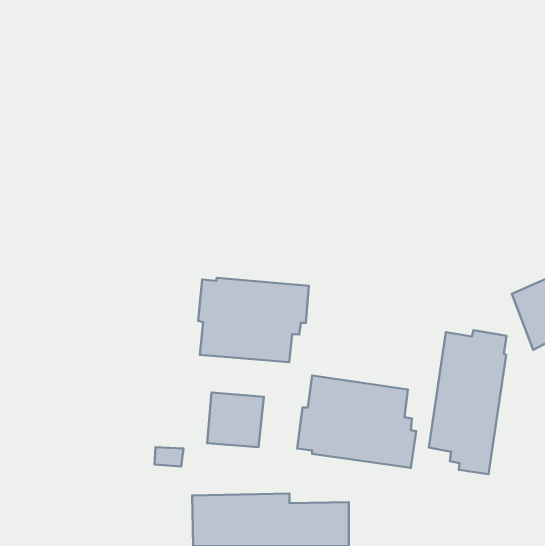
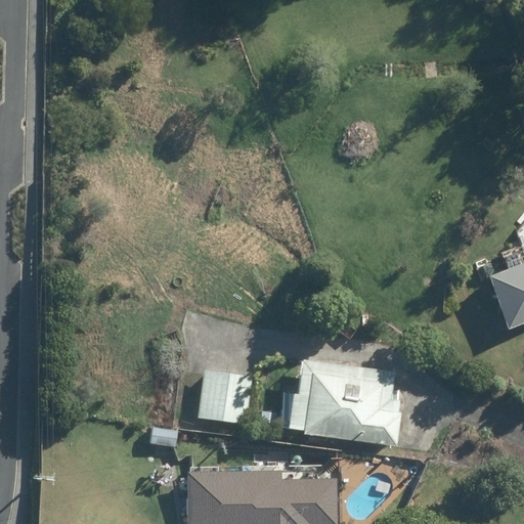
building: [198,278,309,362] -> none
building: [429,330,507,474] -> none

